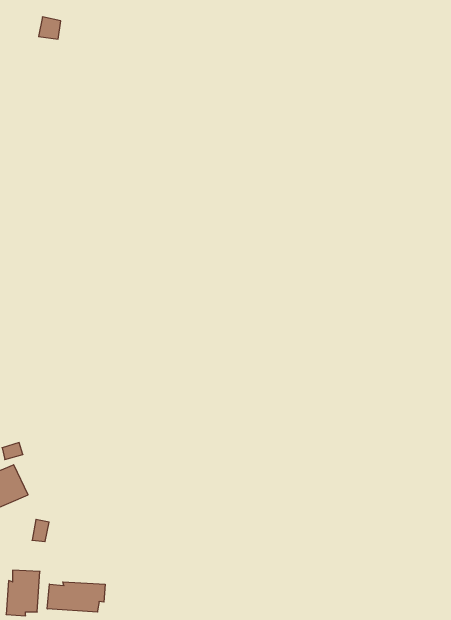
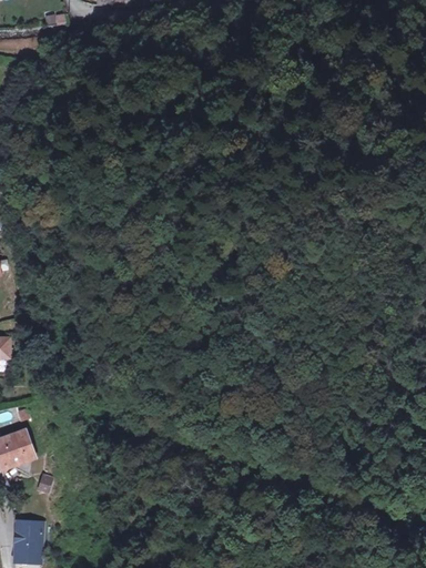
building: [47,582,105,612] -> none

